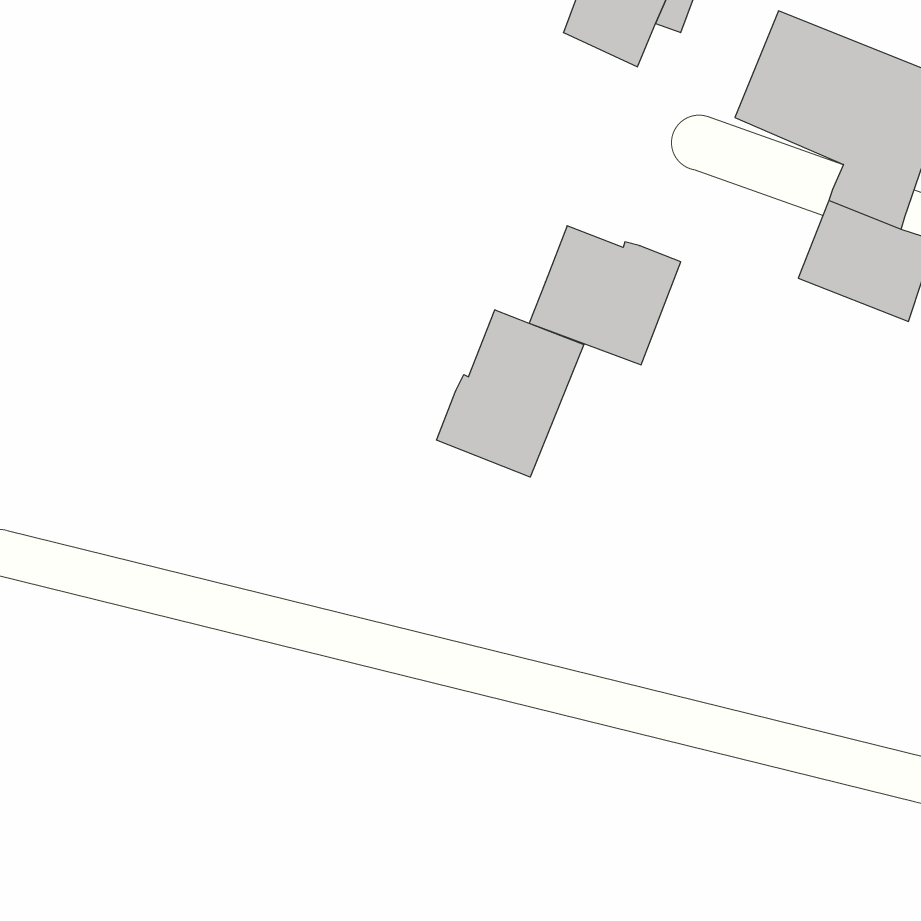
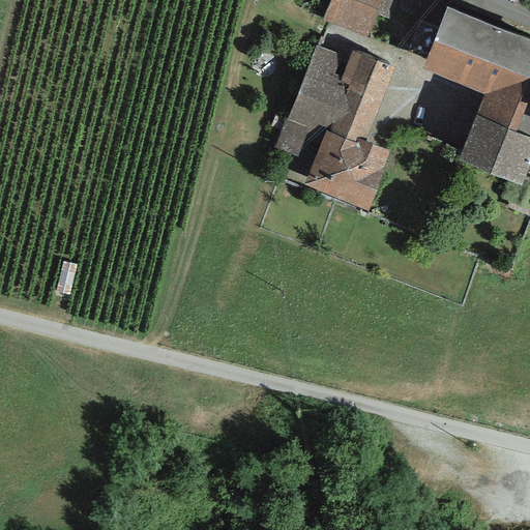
building: none -> [275,43,396,161]
building: [436,310,584,477] -> none

